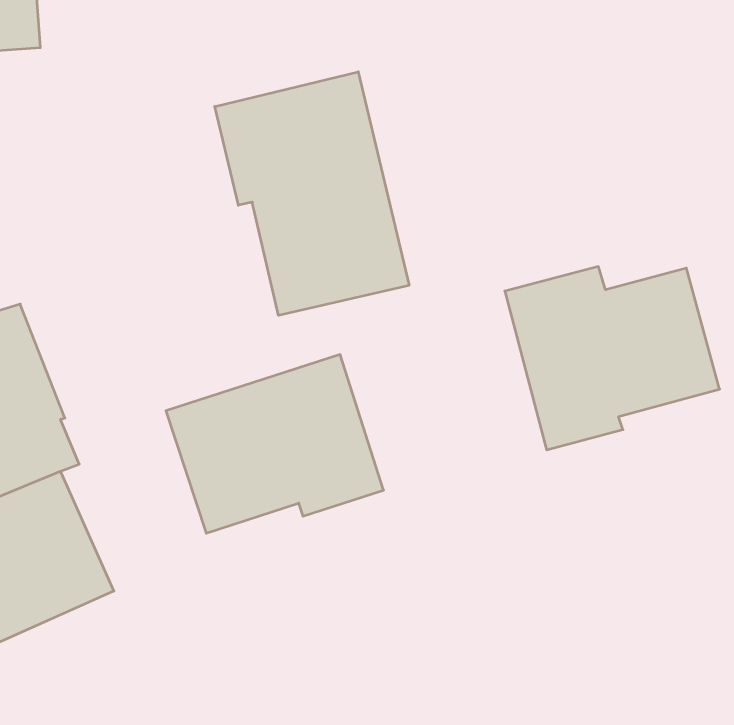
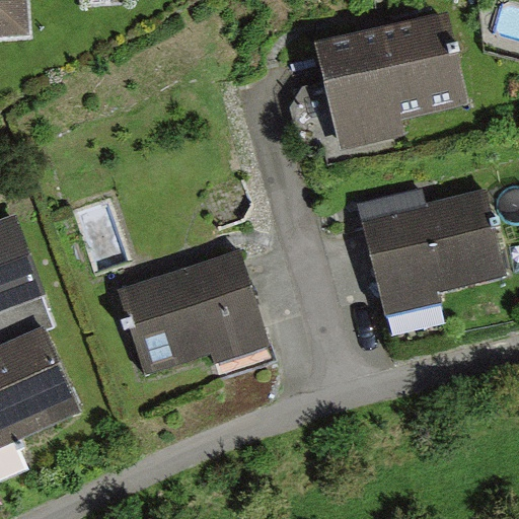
building: none -> [314,16,468,150]
building: [215,72,409,315] -> none

